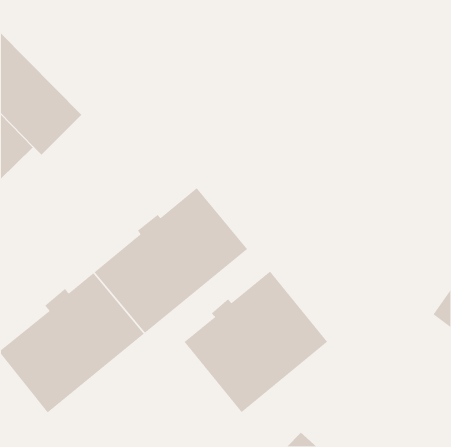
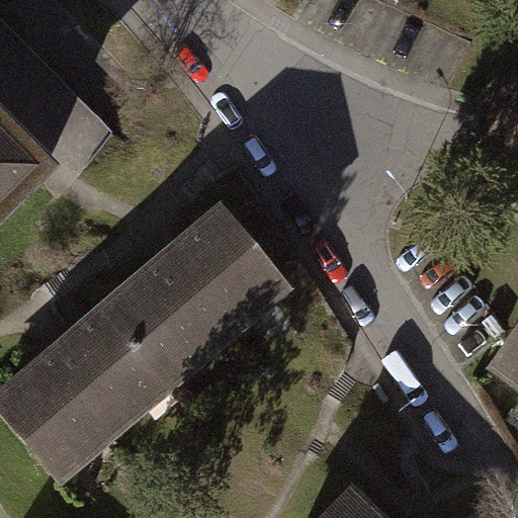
building: [183,271,328,413] -> none

